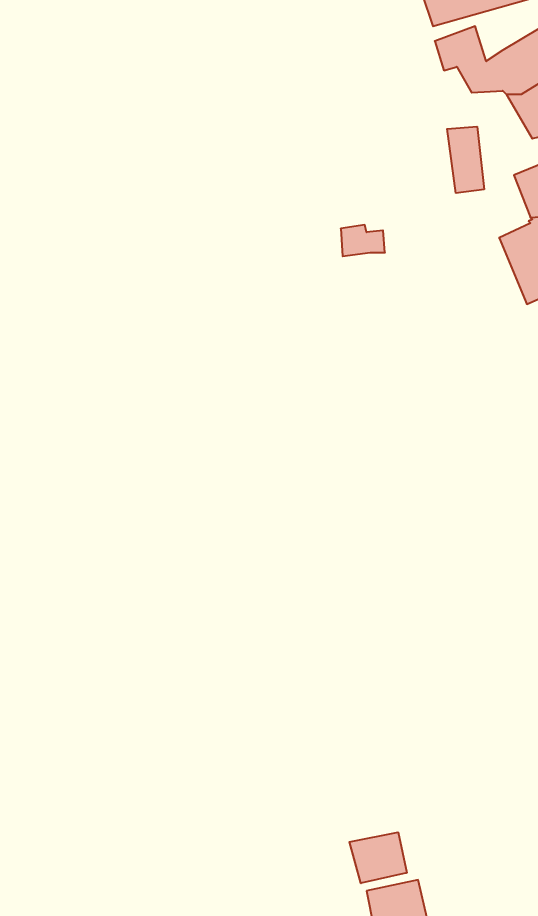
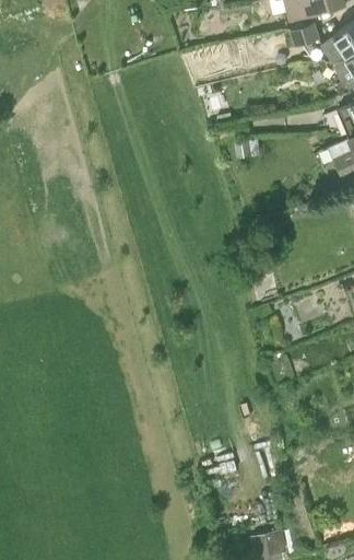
building: [447,127,484,193] -> none
building: [349,832,407,883] -> none

